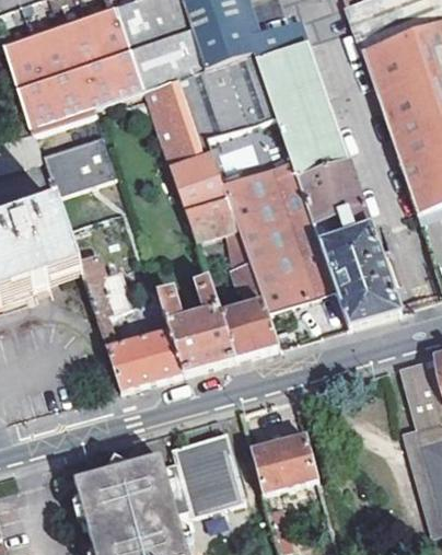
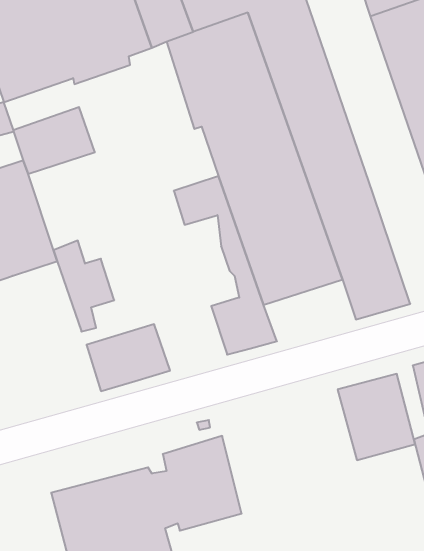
building: [144,73,225,208] -> none
building: [155,274,233,370] -> none
building: [252,436,322,513] -> [338,374,415,460]

